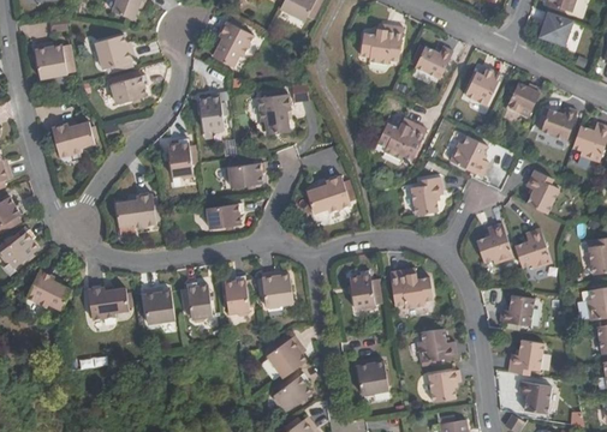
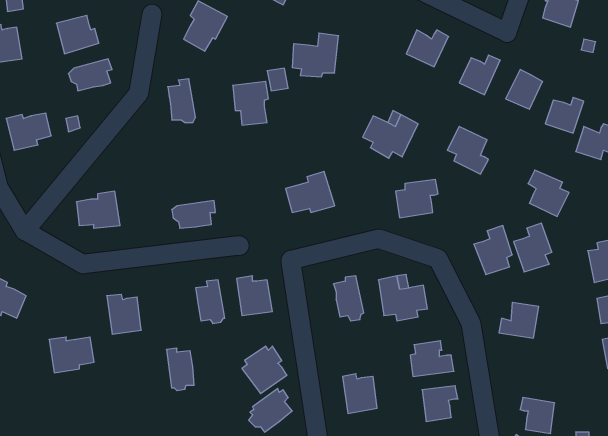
building: [361,25,403,65] -> [292,33,339,77]
building: [167,137,192,178] -> none
building: [225,161,264,186] -> none
building: [186,281,212,319] -> [166,348,194,391]
building: [88,286,129,318] -> [49,337,94,373]
building: [507,340,543,377] -> none

